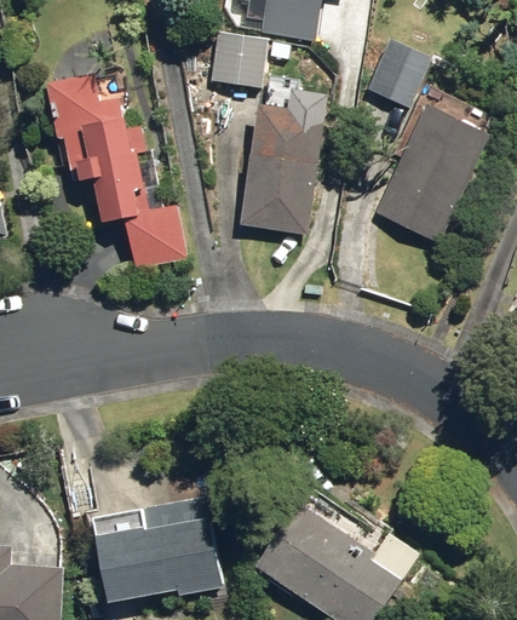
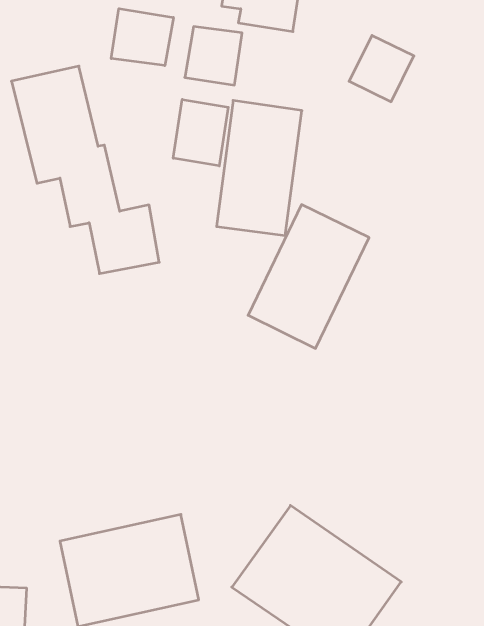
building: none -> [111,9,173,66]
building: none -> [173,99,228,166]
building: [373,107,488,243] -> [248,205,369,348]

